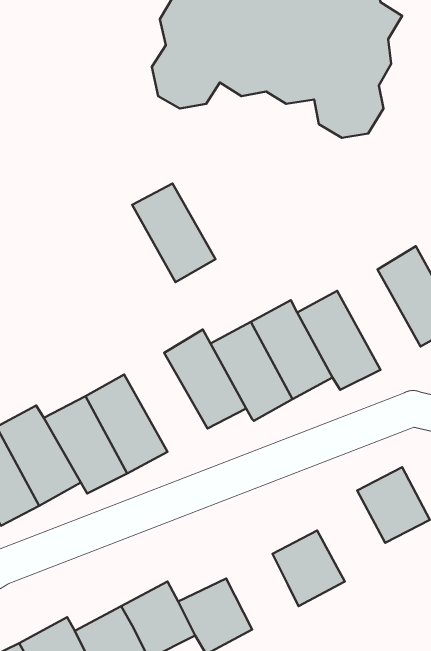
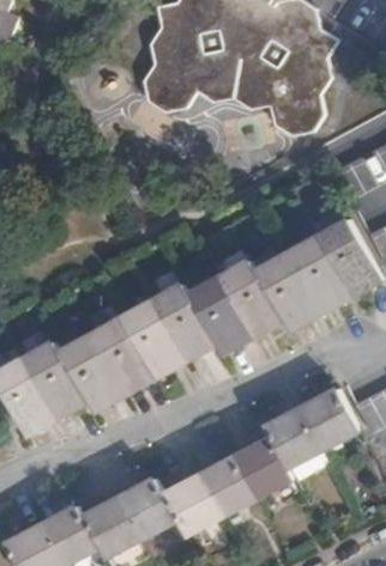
building: [132,183,216,282] -> [120,300,185,377]
building: none -> [285,236,350,314]
building: none -> [264,407,322,467]
building: none -> [199,456,255,515]

